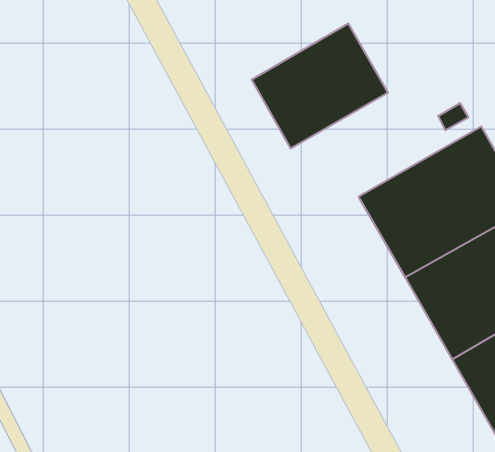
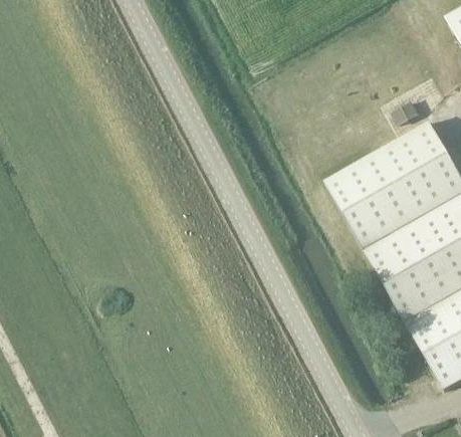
building: [252,23,388,148] -> none

